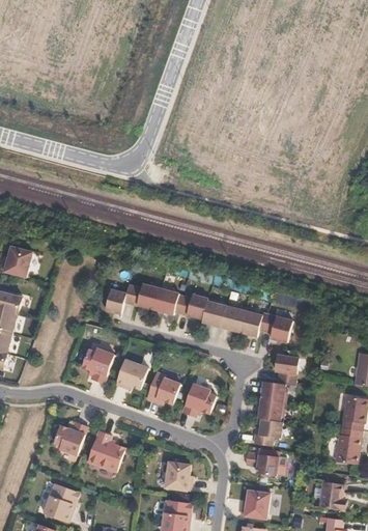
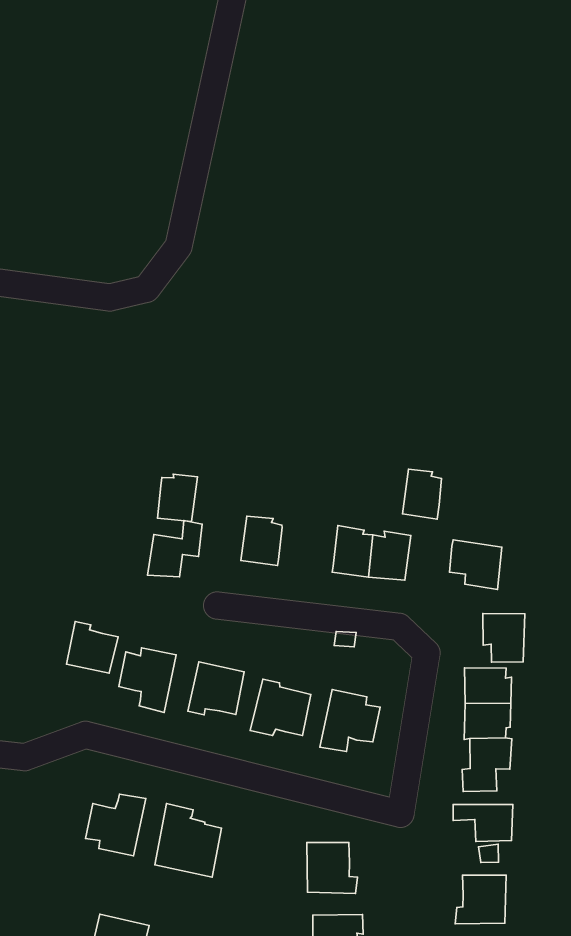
building: [136,283,160,309] -> [157,474,198,521]
building: [177,294,206,318] -> none
building: [237,308,260,336] -> [402,469,442,519]
building: none -> [67,622,118,673]

